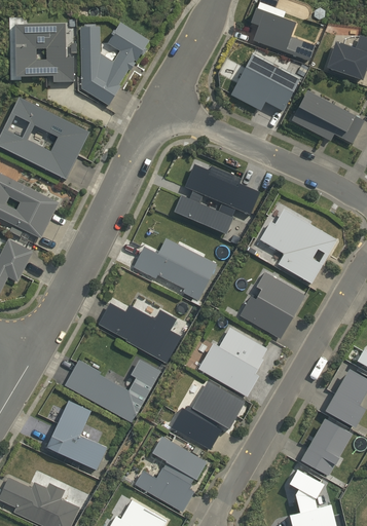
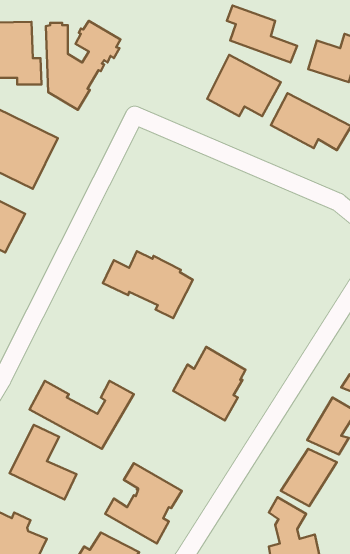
building: [174,162,260,233] -> none
building: [258,208,336,283] -> none
building: [238,271,306,340] -> none
building: [98,302,181,363] -> none
building: [171,380,245,449] -> none

